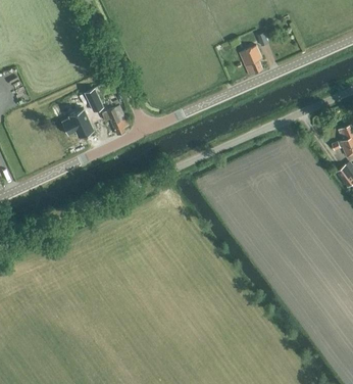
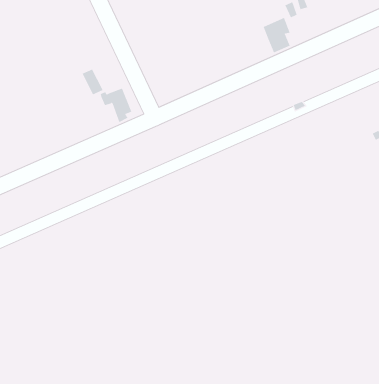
building: [61,107,93,136] -> none

